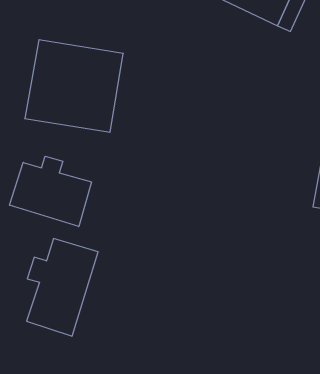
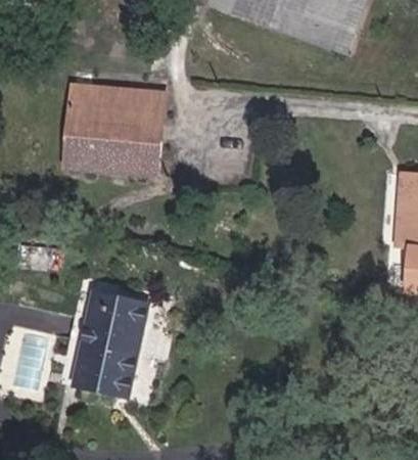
building: [10,156,92,227] -> none

